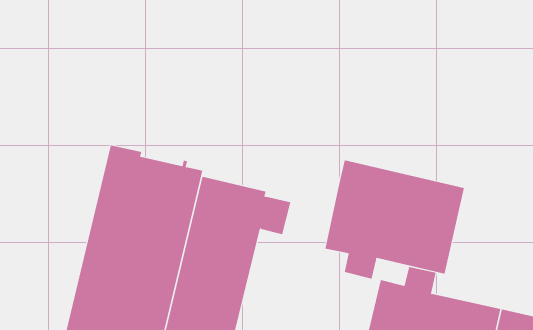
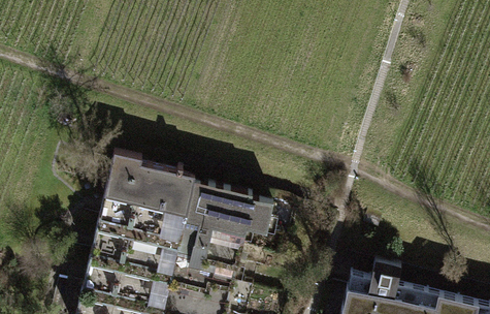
building: [325,160,465,279] -> none

